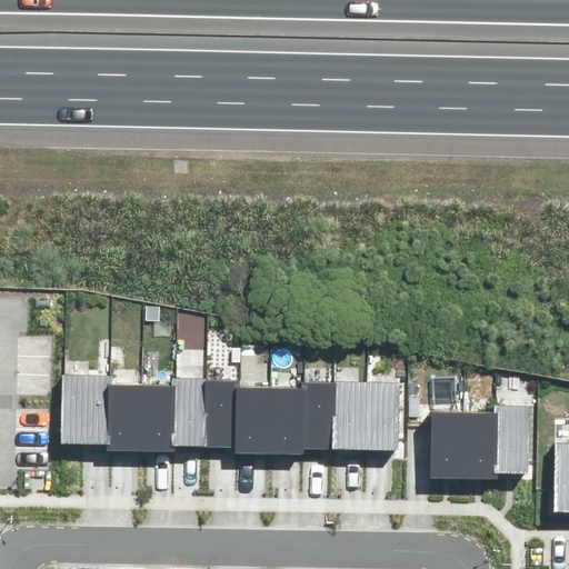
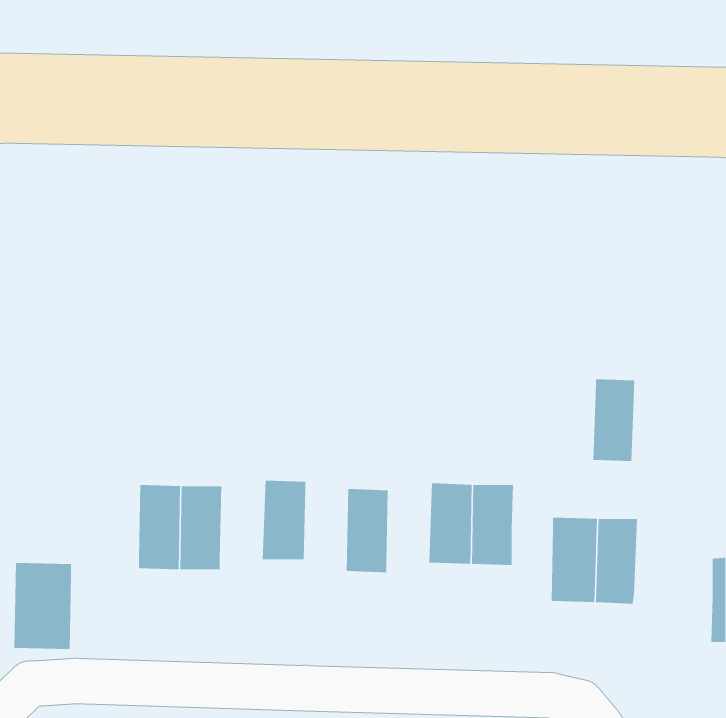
building: [63,376,109,443] -> [14,563,72,649]
building: [172,380,207,445] -> none
building: [302,385,337,447] -> none
building: [237,389,271,453] -> none
building: [496,408,529,472] -> [592,379,635,461]

